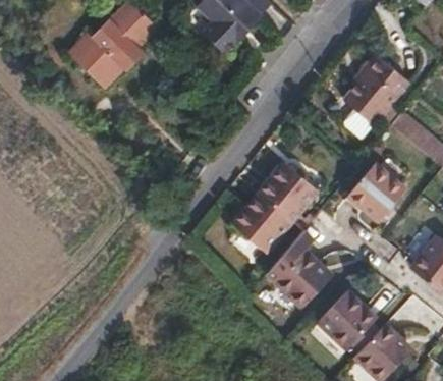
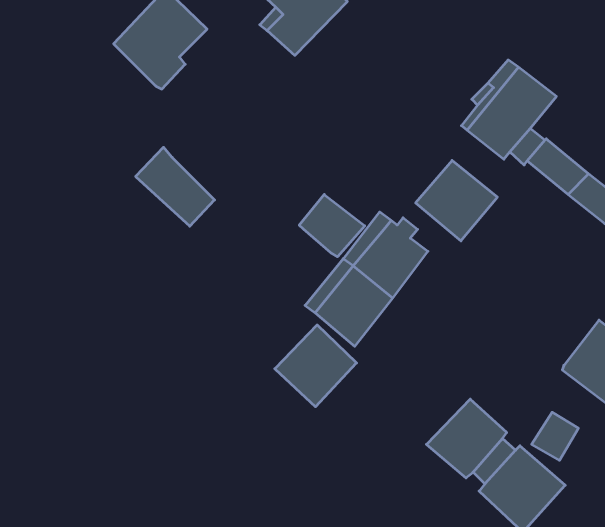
building: [73,36,128,91] -> [136,147,215,226]
building: none -> [299,194,365,257]
building: [346,164,403,220] -> [416,160,497,241]
building: [280,240,337,297] -> [275,325,357,407]

